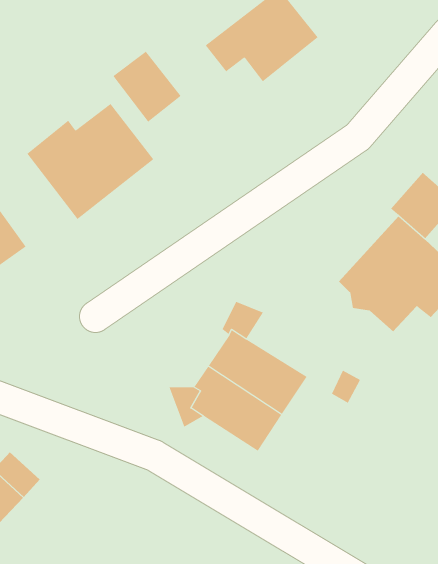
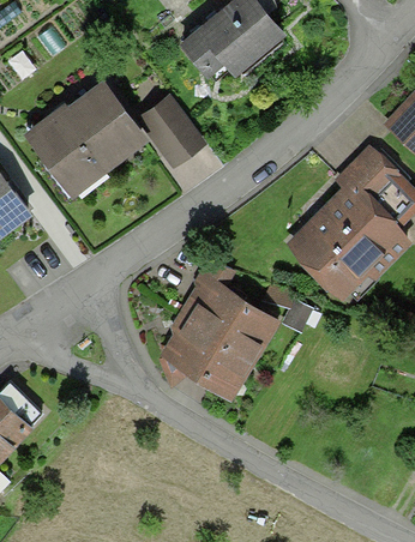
building: [113,51,181,123] -> [142,100,200,161]

